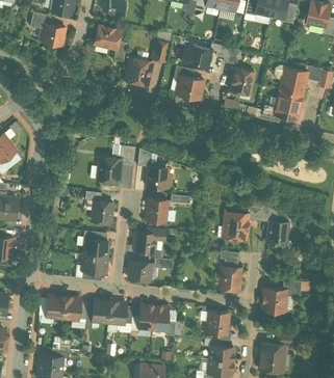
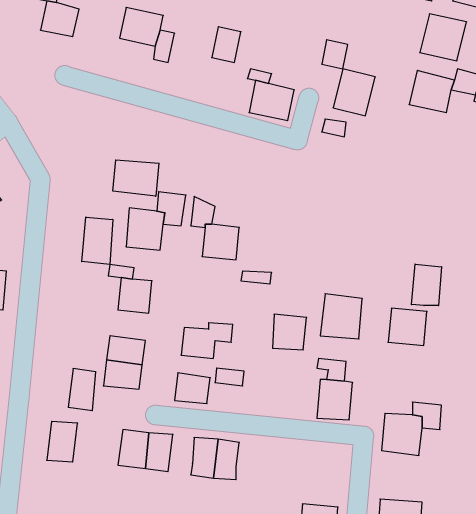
building: [181,43,210,68] -> none
building: [125,55,154,85] -> none
building: [273,88,303,118] -> [420,14,467,61]
building: none -> [113,160,159,196]
building: none -> [82,217,113,265]
building: none -> [411,264,442,306]
building: [146,198,168,221] -> [273,314,307,350]
building: [62,293,80,320] -> [68,369,96,411]
building: [206,310,230,334] -> none

